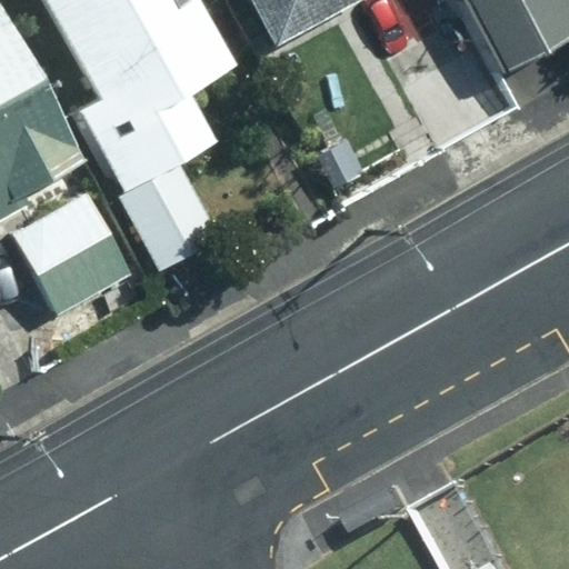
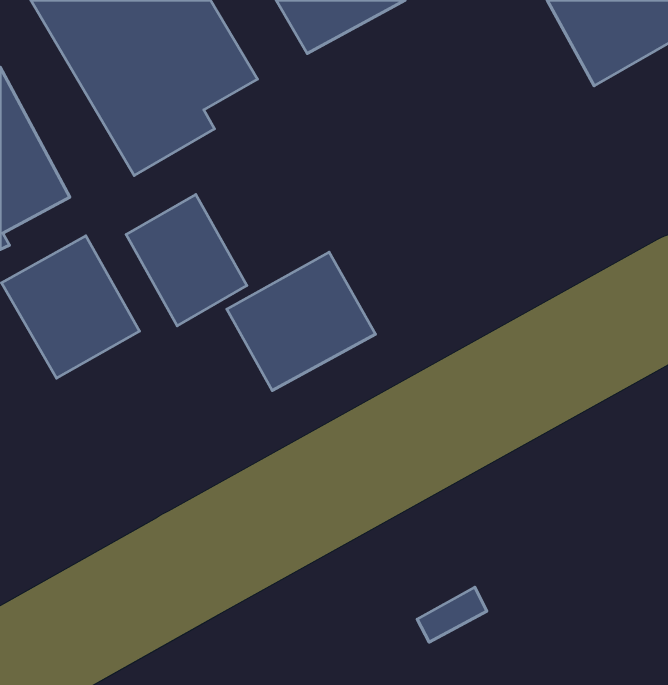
building: none -> [227,252,376,390]

